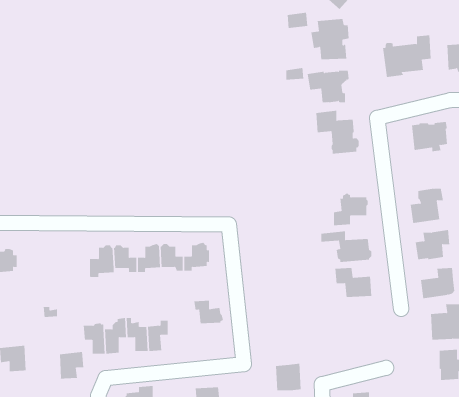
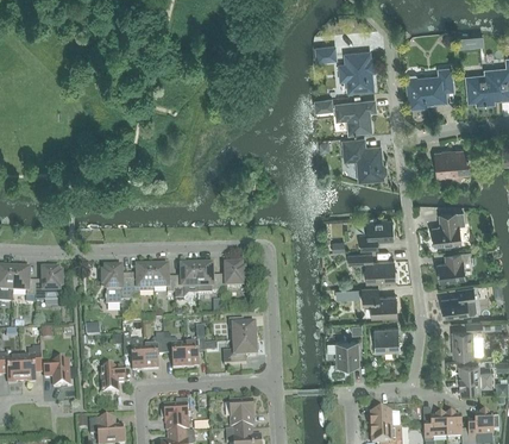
building: none -> [101,265,130,302]
building: none -> [372,325,398,351]
building: none -> [222,338,256,363]
building: [275,363,302,391] -> [334,338,359,364]

